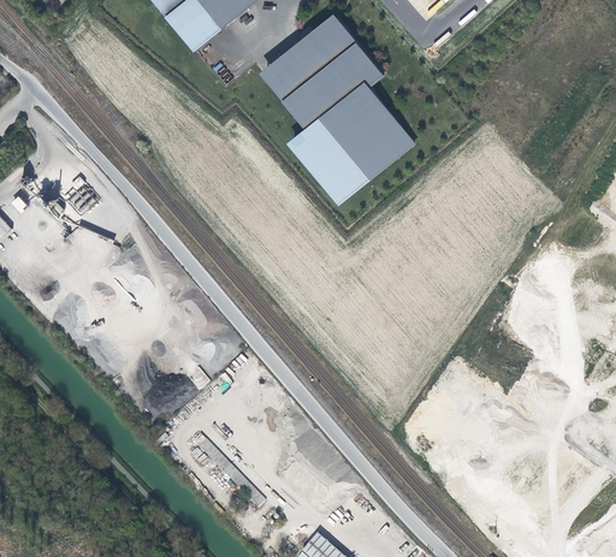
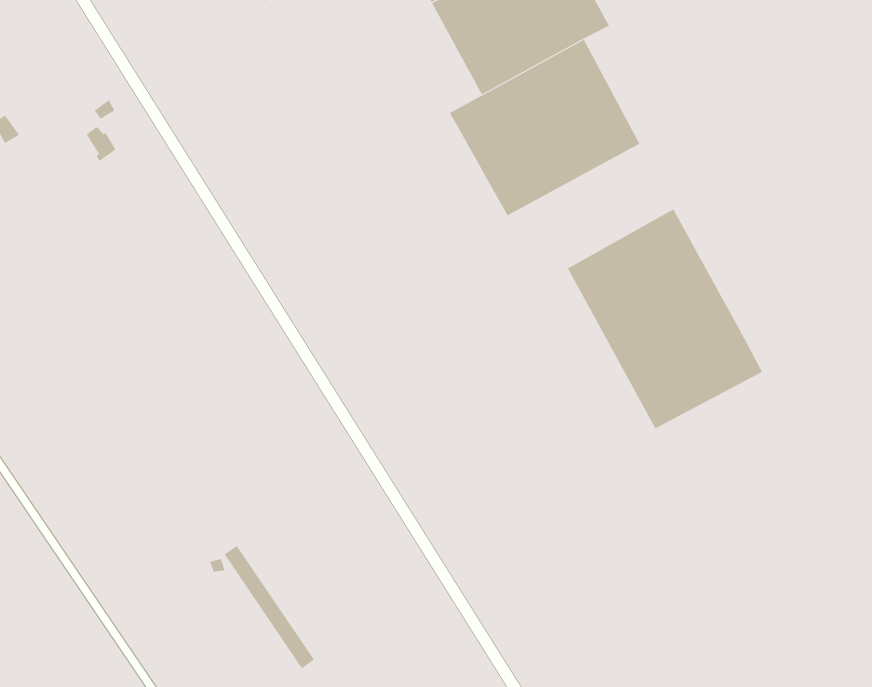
building: none -> [567,208,763,429]

